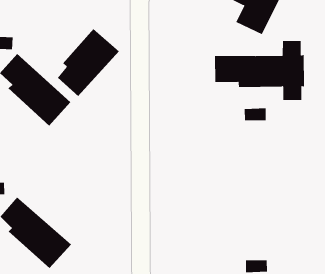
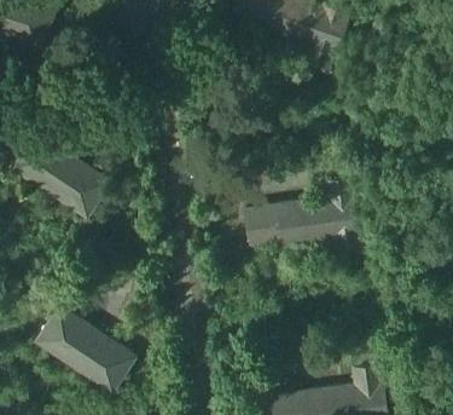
building: [57,28,120,97] -> none
building: [214,40,305,101] -> [244,177,361,254]

